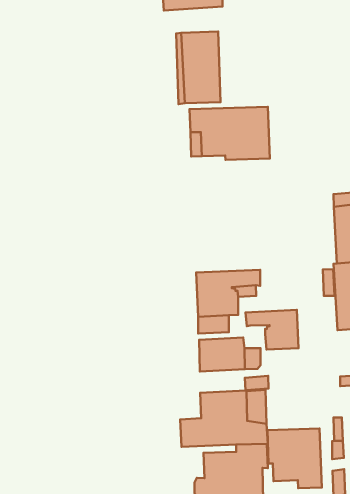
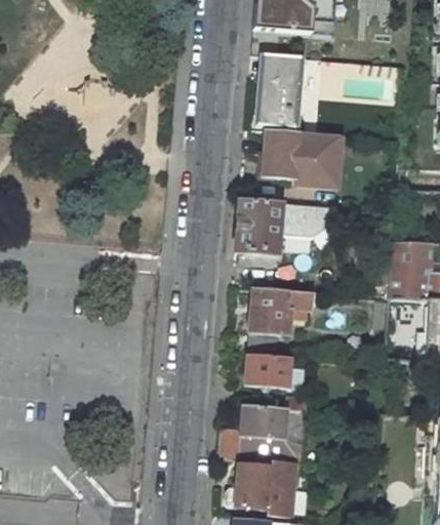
building: none -> [236,198,332,253]
building: [246,310,298,350] -> none
building: [267,429,322,488] -> none

